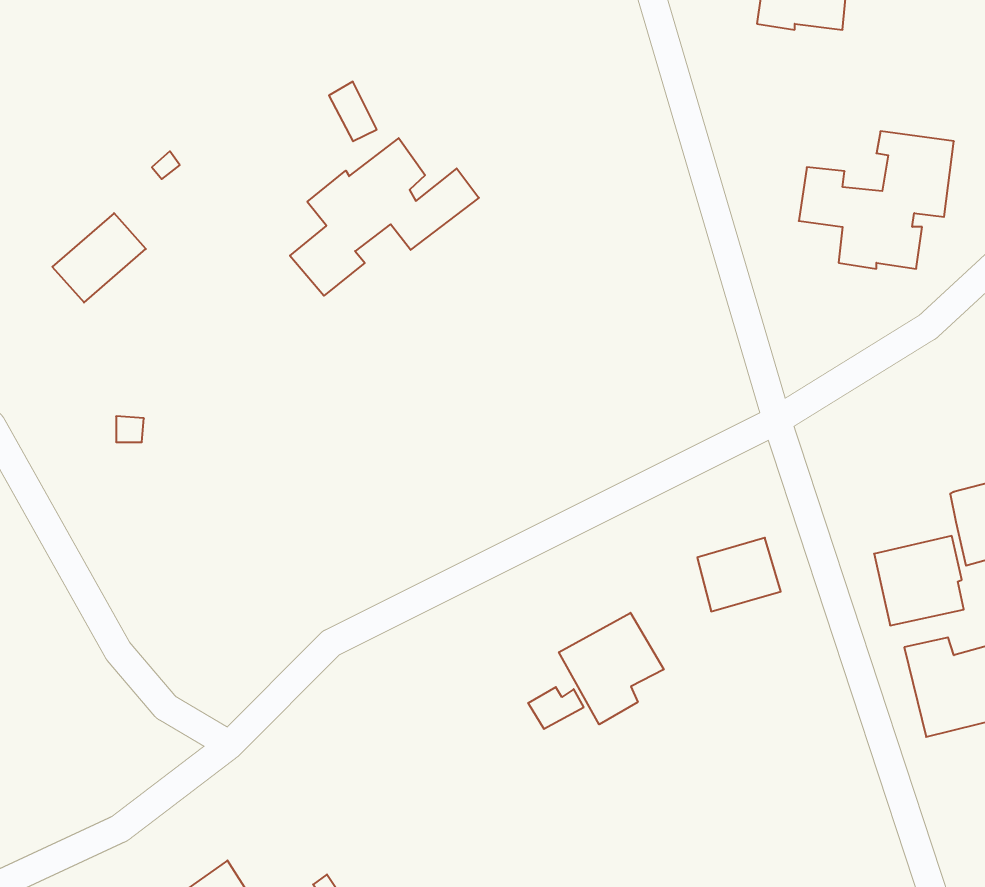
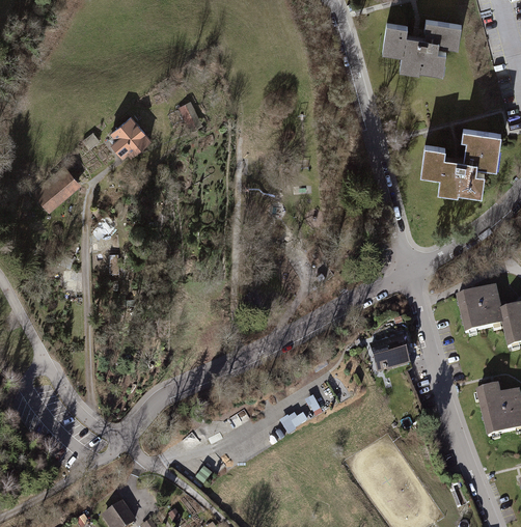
building: none -> [111,115,147,151]
building: [290,138,479,296] -> none
building: [874,536,964,625] -> [457,287,503,334]
building: [559,613,664,724] -> none

